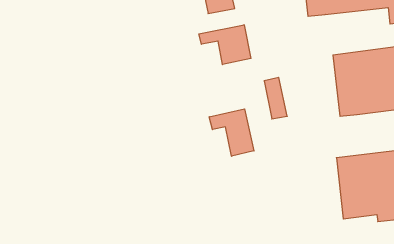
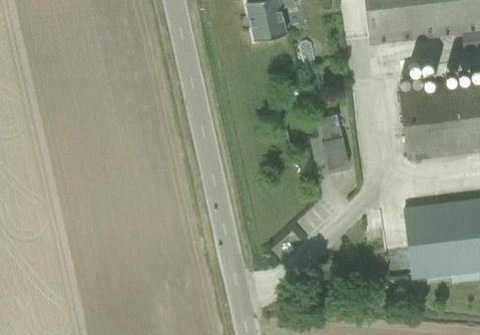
building: [199,25,251,65] -> none
building: [209,109,254,156] -> none

